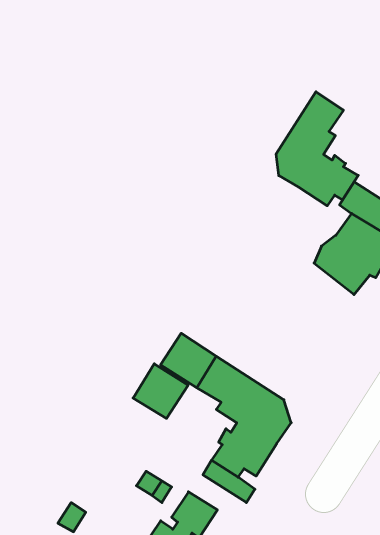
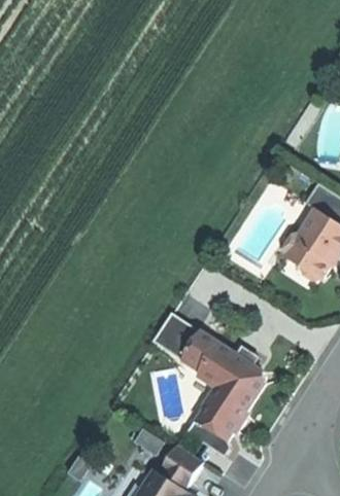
building: [276,92,358,206] -> none
building: [133,364,188,418] -> none

